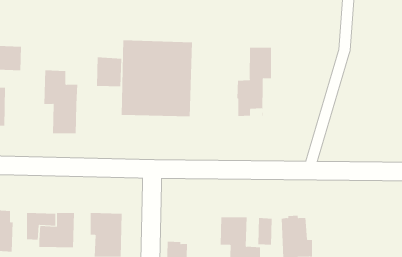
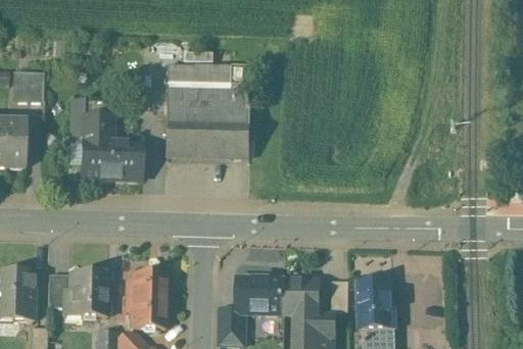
building: [237,47,272,117] -> none
building: [96,57,122,87] -> [109,142,141,179]
building: none -> [237,278,285,313]

